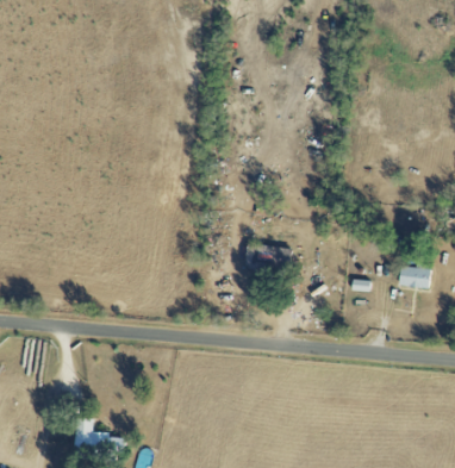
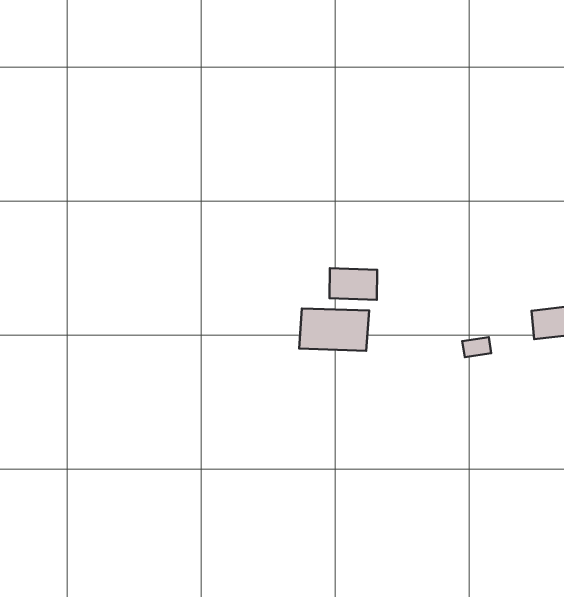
building: none -> [330,268,377,300]

